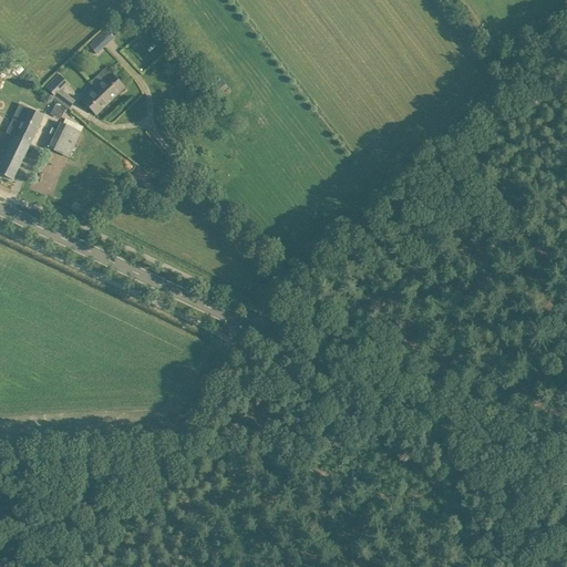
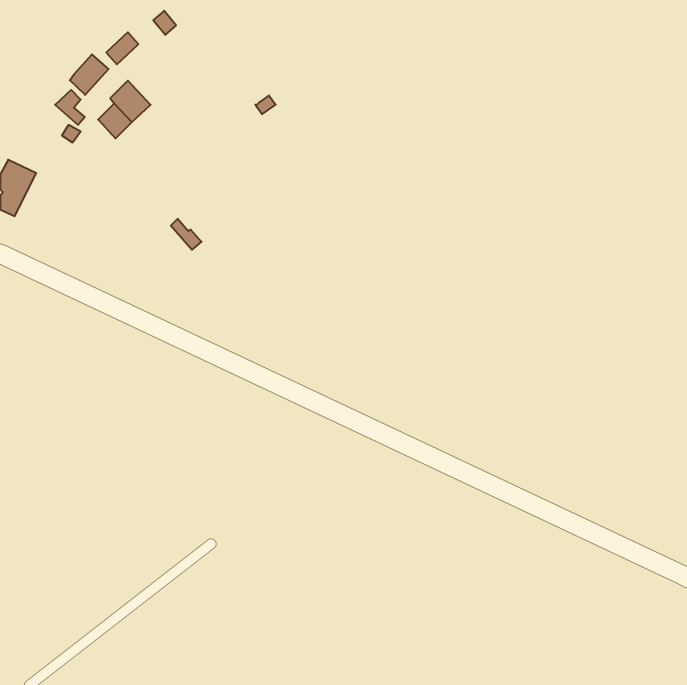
building: none -> [70,54,108,95]
building: [7,106,43,143] -> none
building: [49,122,80,156] -> none

